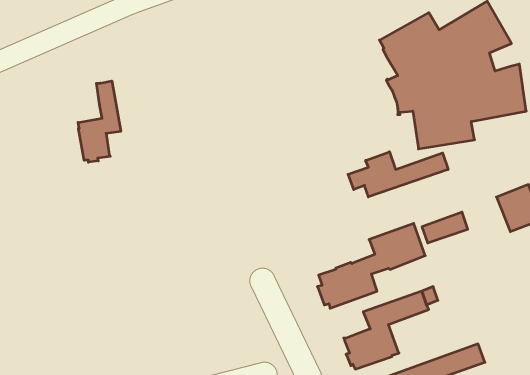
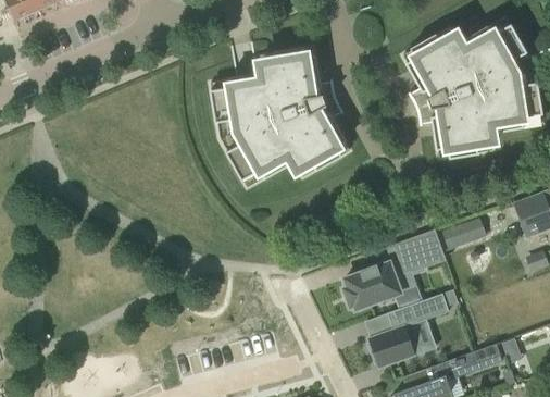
building: none -> [210,47,349,187]
building: [78,81,121,162] -> none
building: [348,152,448,197] -> none

